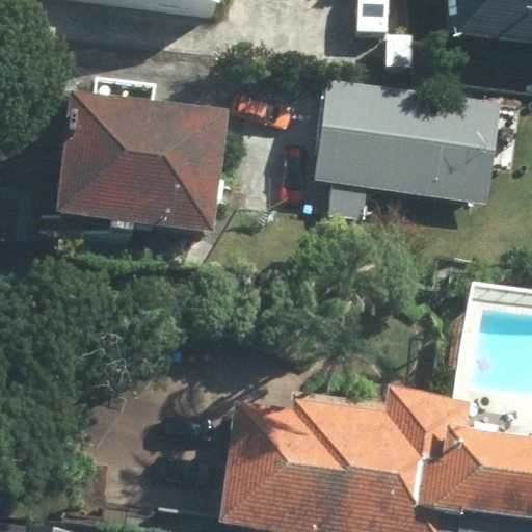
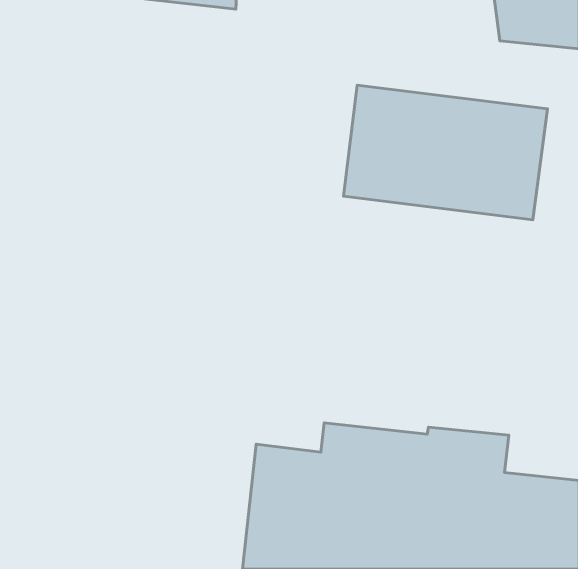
building: [55,96,224,234] -> none

